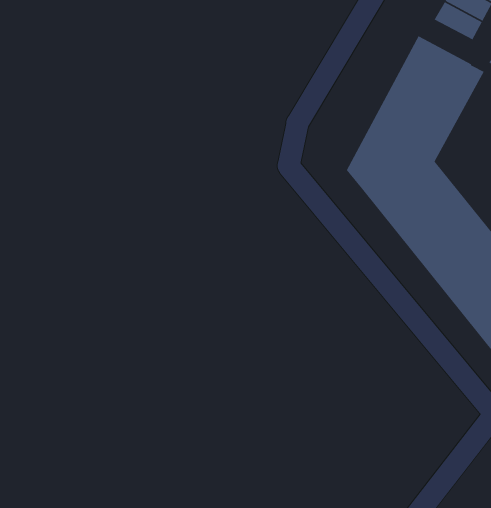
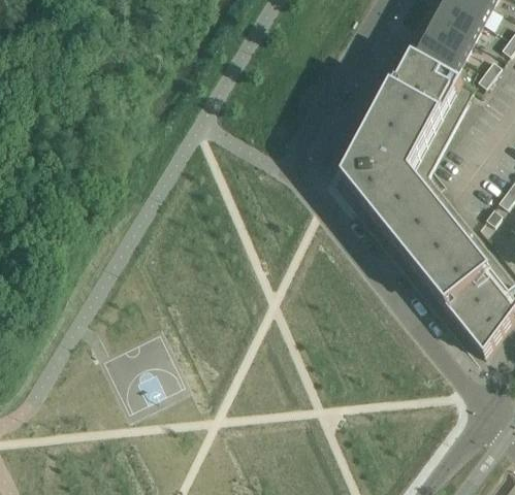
building: none -> [416,34,461,71]

